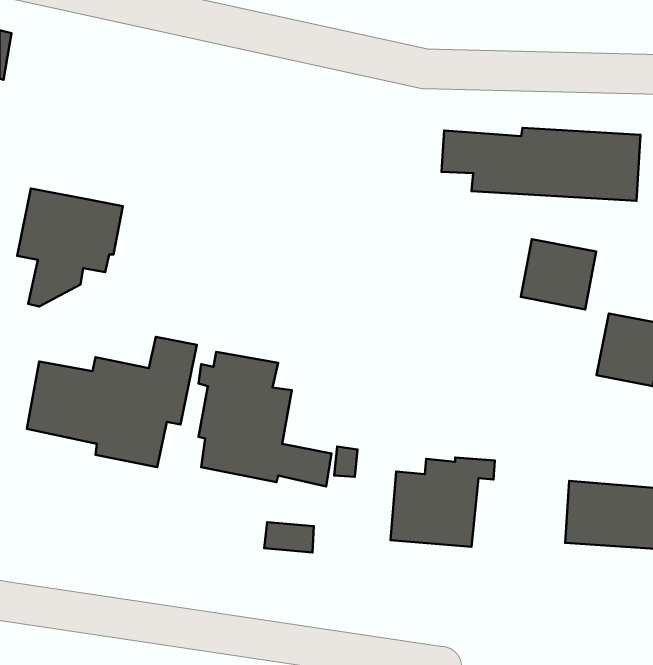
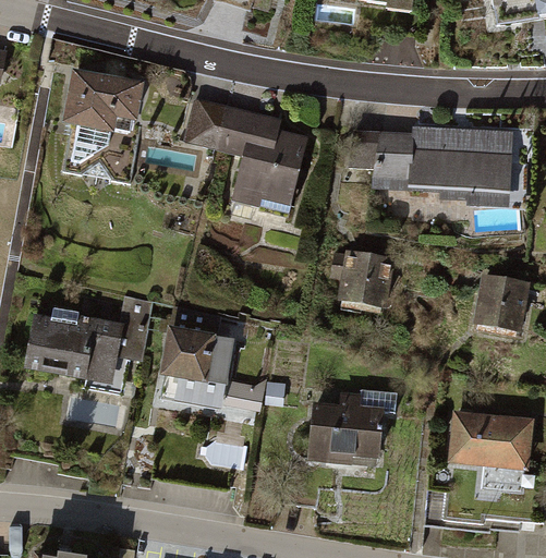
building: none -> [185,98,305,213]
building: [17,188,123,307] -> [64,72,148,166]
building: [521,239,596,309] -> [335,251,395,306]

